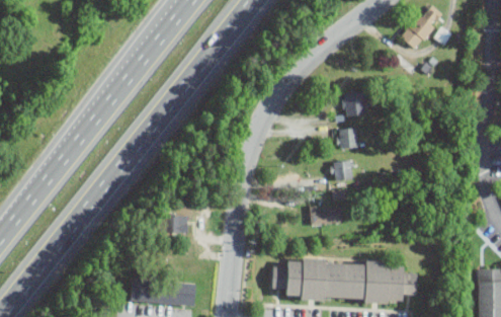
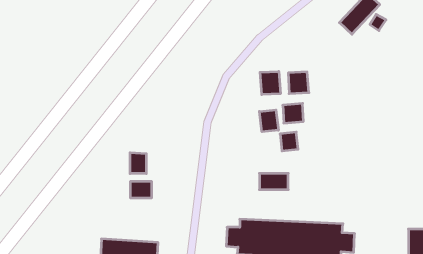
building: none -> [260,71,280,95]
building: none -> [259,110,278,132]
building: none -> [130,153,146,174]

